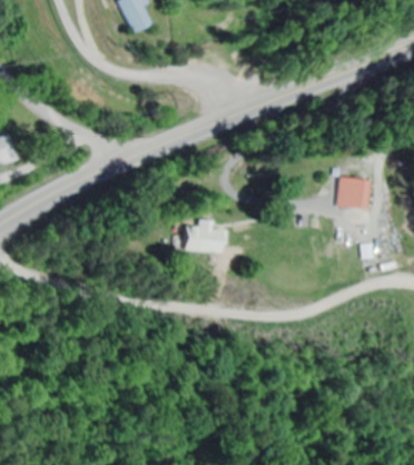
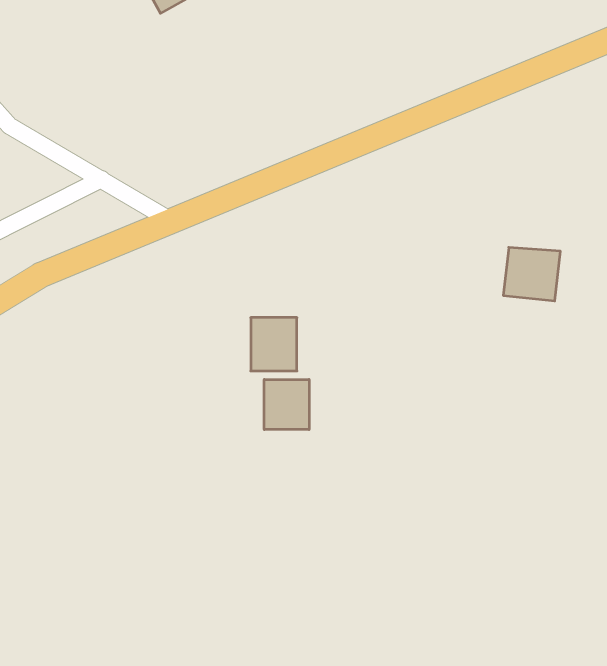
building: none -> [264,379,309,430]

